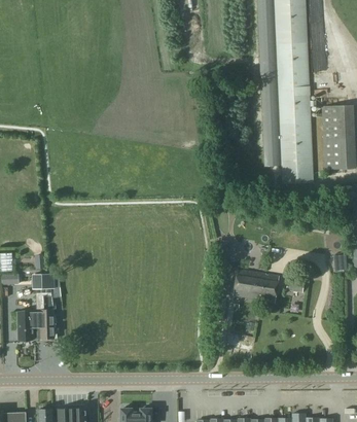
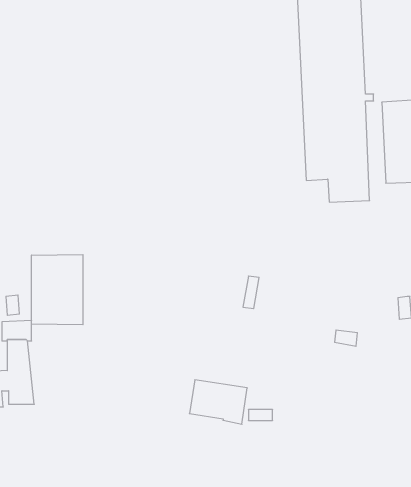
building: none -> [32,255,83,325]
building: [234,270,278,304] -> [189,380,247,424]

